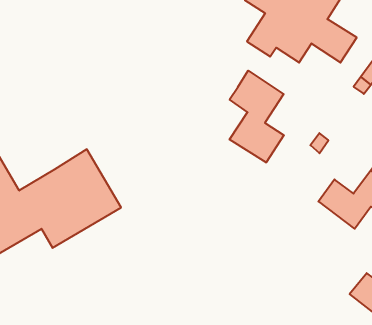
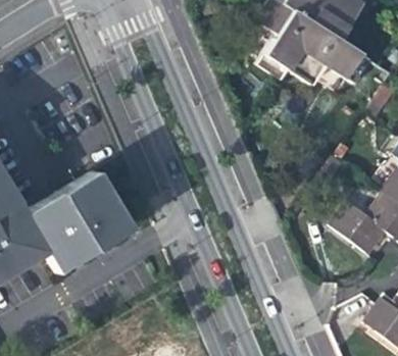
building: [230,71,284,163] -> none

